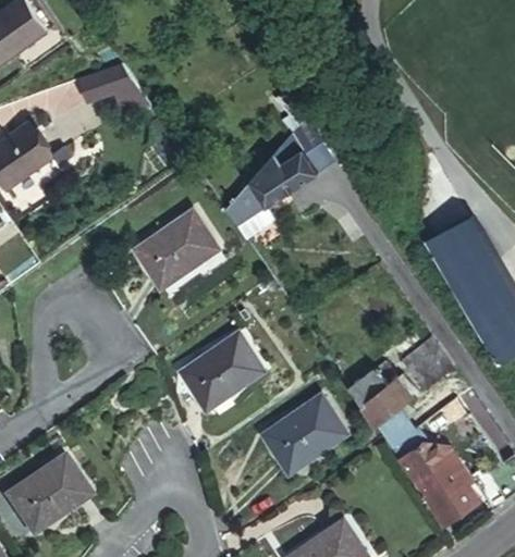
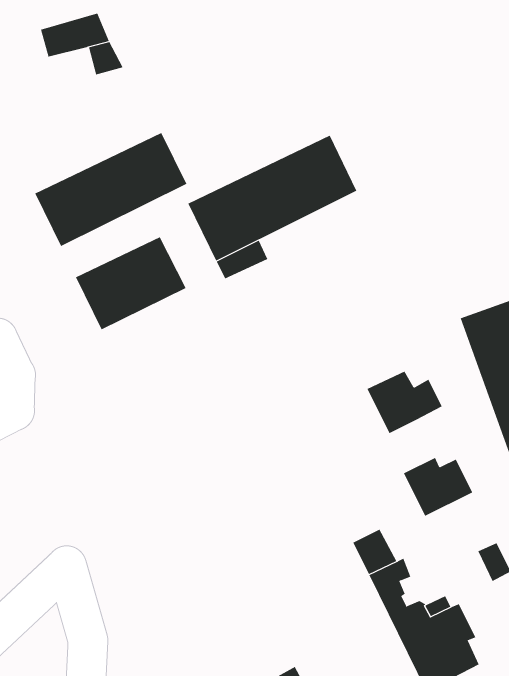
building: none -> [35,132,187,247]
building: [185,335,267,410] -> none
building: [350,371,407,419] -> [366,371,442,434]
building: [259,394,340,471] -> none

